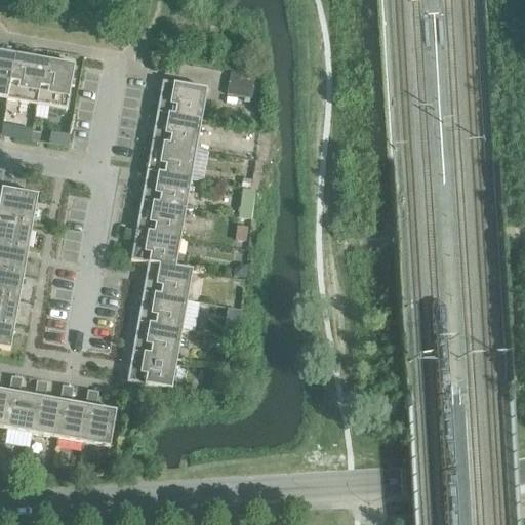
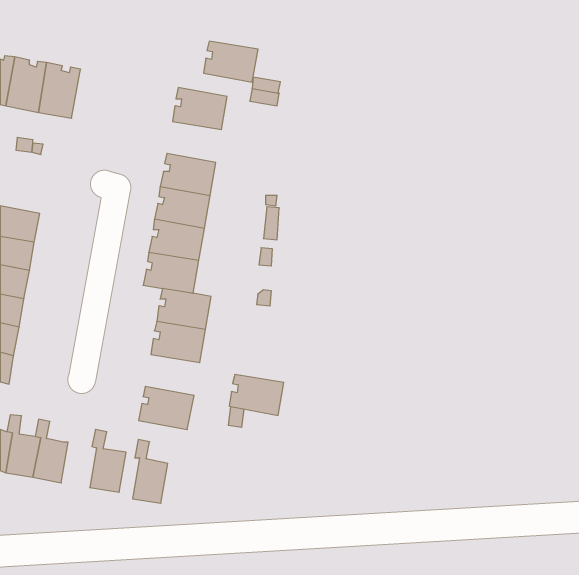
building: [152,110,201,147] -> [204,41,258,82]
building: [132,320,181,357] -> [229,375,284,415]
building: [56,382,88,440] -> [133,440,168,503]

